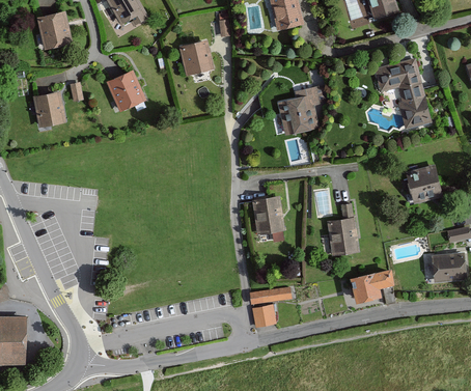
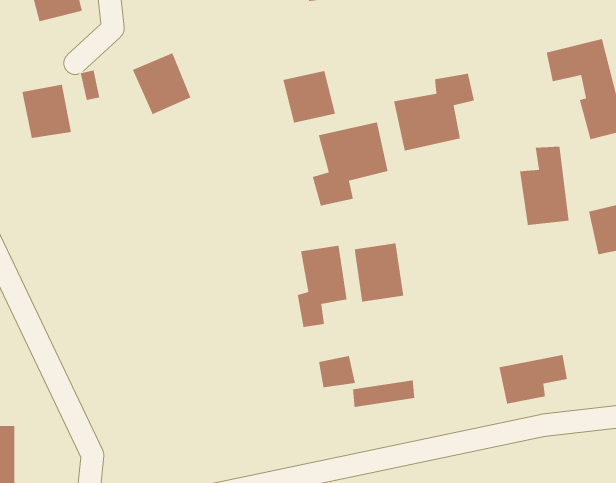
building: [178,39,214,75] -> [282,70,336,124]
building: none -> [312,121,389,207]
building: none -> [297,245,347,328]
building: [326,203,359,256] -> [519,146,570,226]
building: [252,304,277,326] -> [318,355,356,388]

